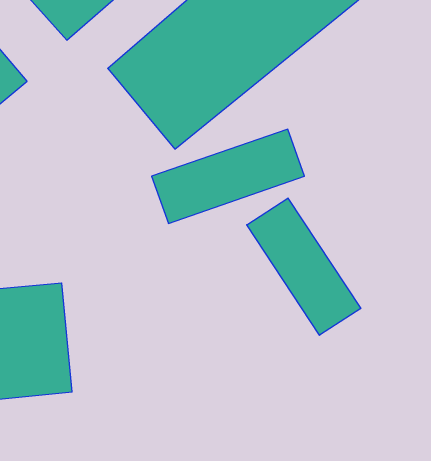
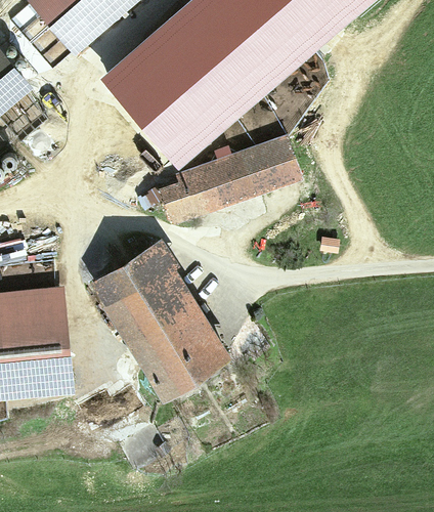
building: [247,198,361,335] -> none
building: none -> [89,245,230,400]

